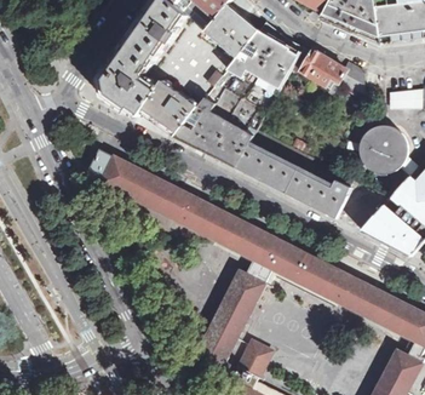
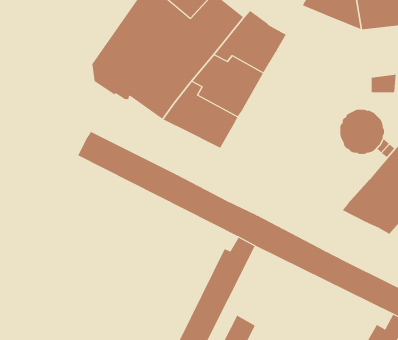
building: [294,47,363,92] -> none
building: [235,141,350,217] -> none

